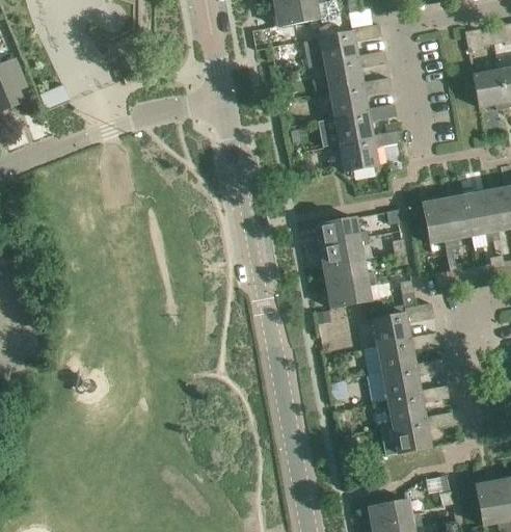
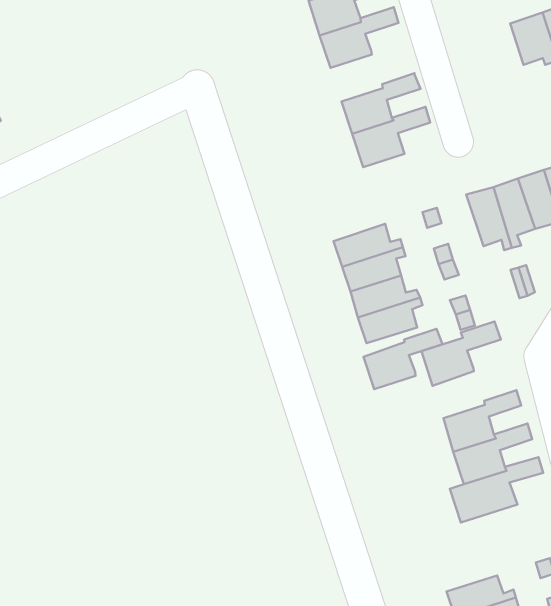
building: [329,77,392,117] -> none
building: [377,331,439,372] -> [363,329,443,389]

